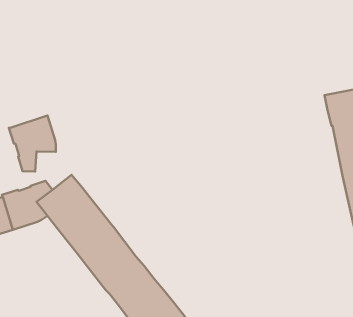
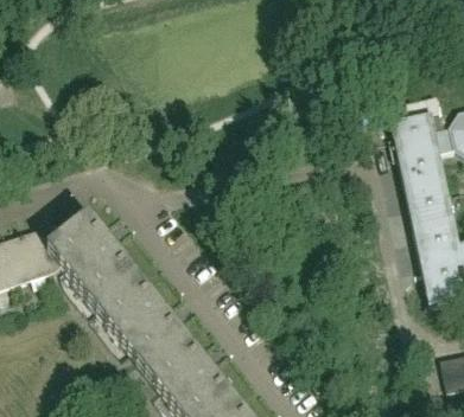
building: [9,116,56,171] -> none

